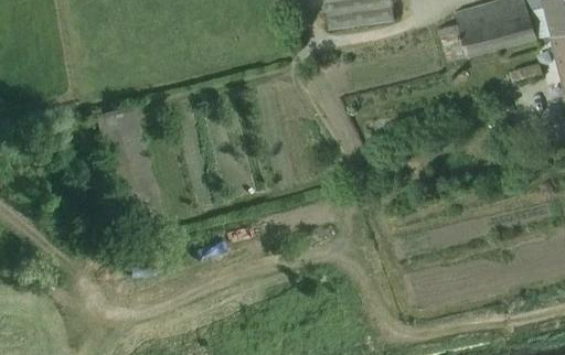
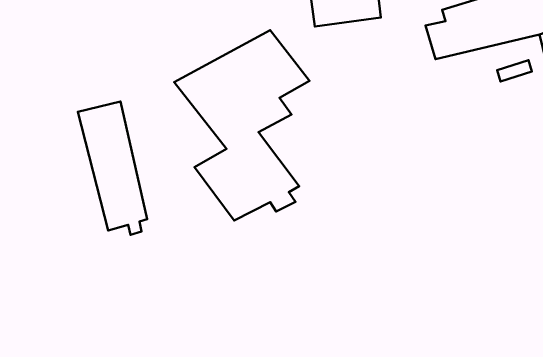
building: none -> [174,30,309,221]

